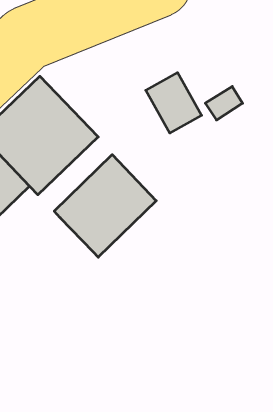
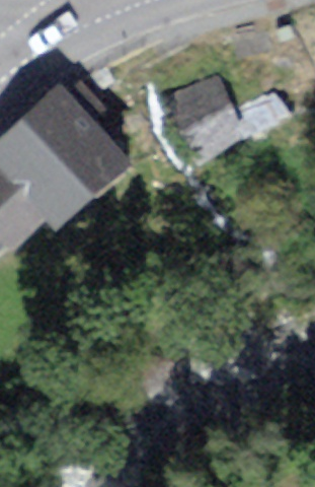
building: [54,155,156,257] -> none

